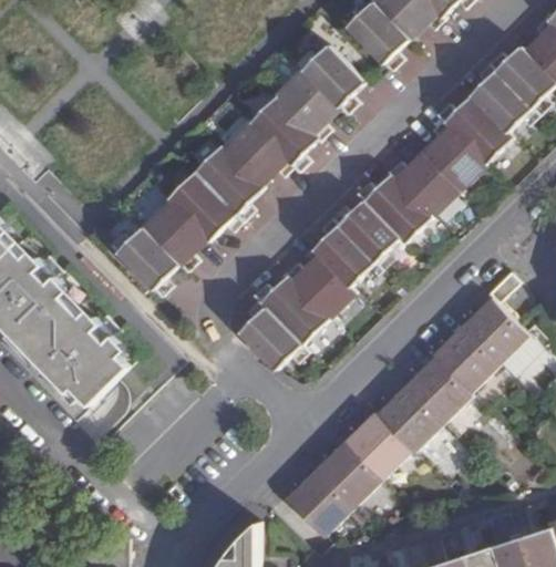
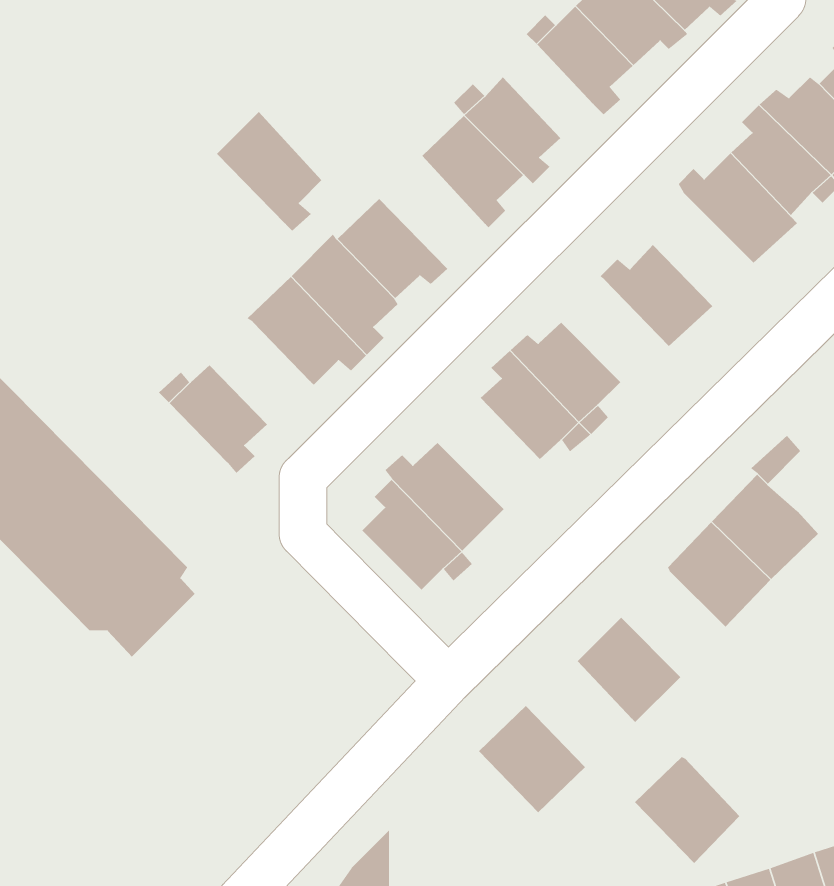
building: [249,99,316,174] -> [216,111,322,231]
building: [421,122,484,193] -> none
building: [357,176,431,245] -> none
building: [143,203,206,274] -> none
building: [284,256,354,320] -> none
building: [401,359,469,425] -> none
building: [341,414,408,482] -> [634,756,740,864]
building: [282,472,349,538] -> none

